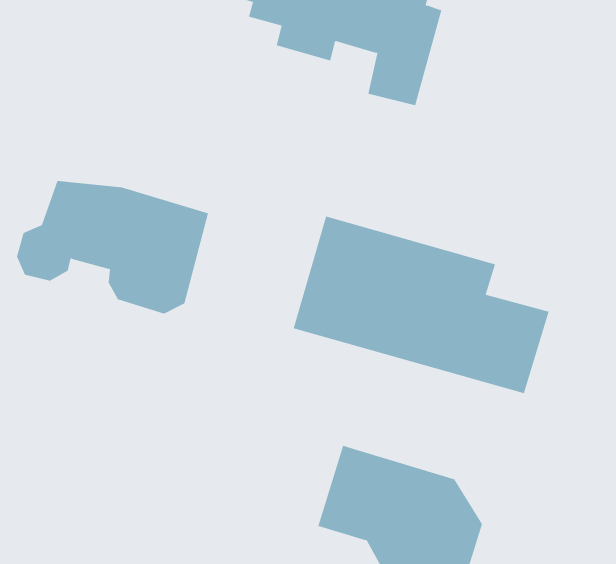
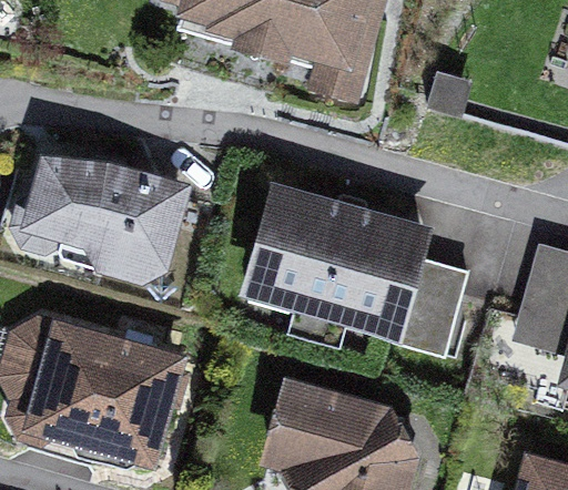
building: none -> [7,324,174,455]

